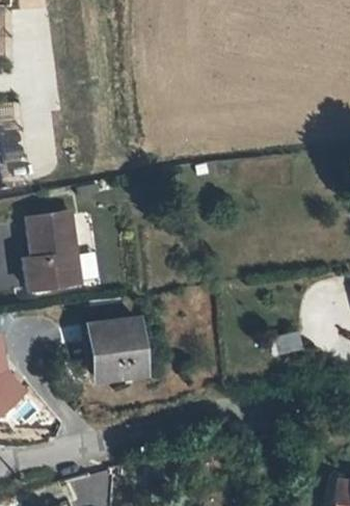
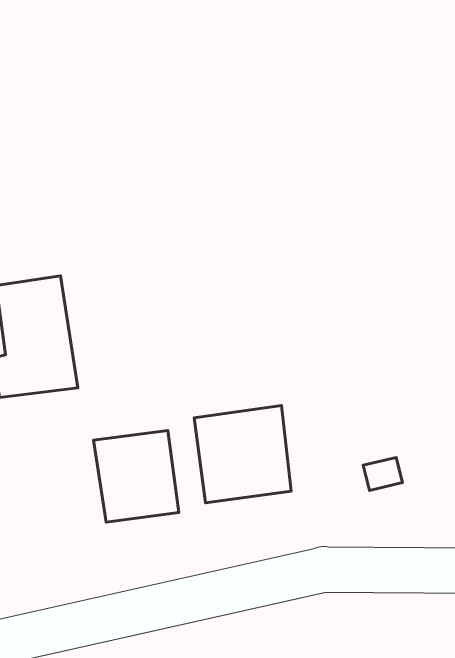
building: none -> [194,406,291,503]

